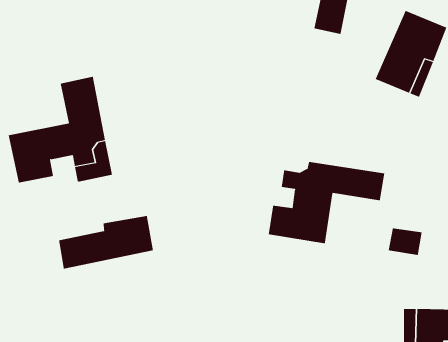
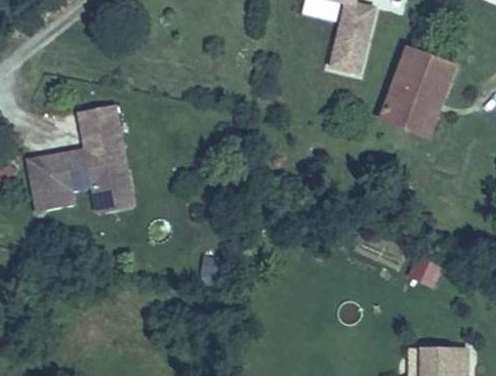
building: [268,161,385,244] -> none
building: [59,215,153,269] -> none

